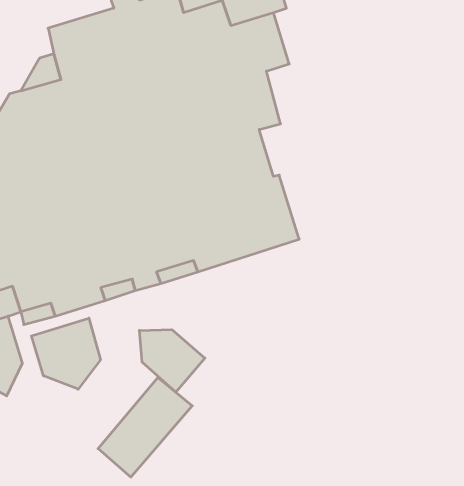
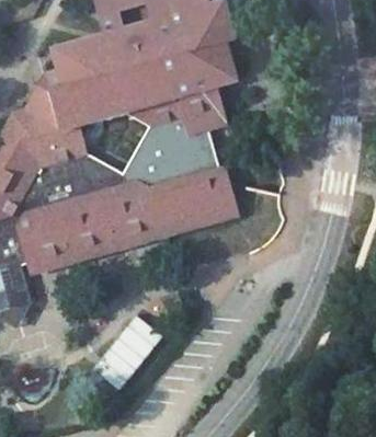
building: [31,318,100,389] -> none
building: [139,330,205,392] -> none

